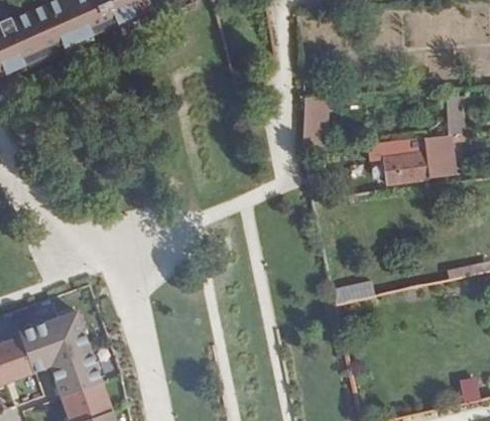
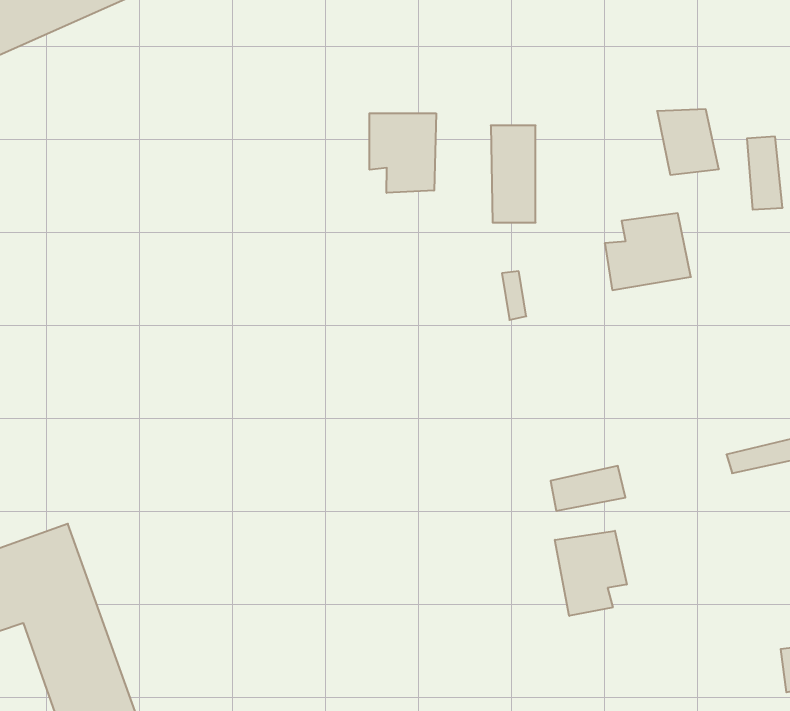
building: none -> [369,113,436,193]
building: [404,143,438,178] -> [657,109,719,175]
building: none -> [555,531,627,616]

